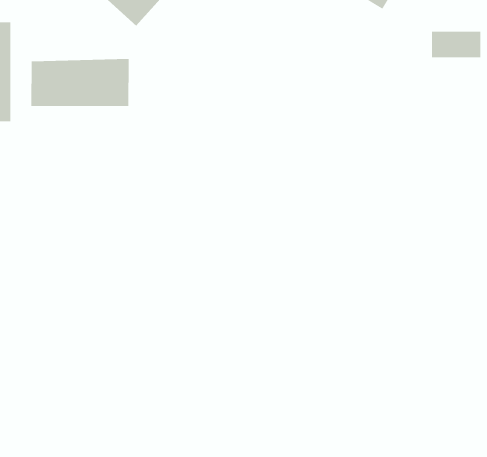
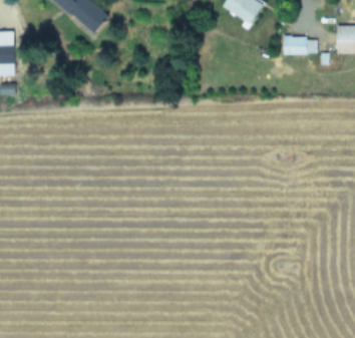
building: [31,58,129,107] -> none

